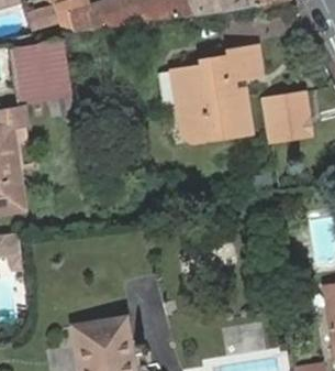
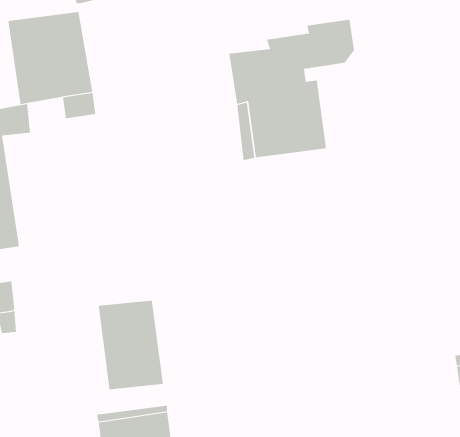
building: [263,95,309,144] -> none
building: none -> [98,300,163,390]

